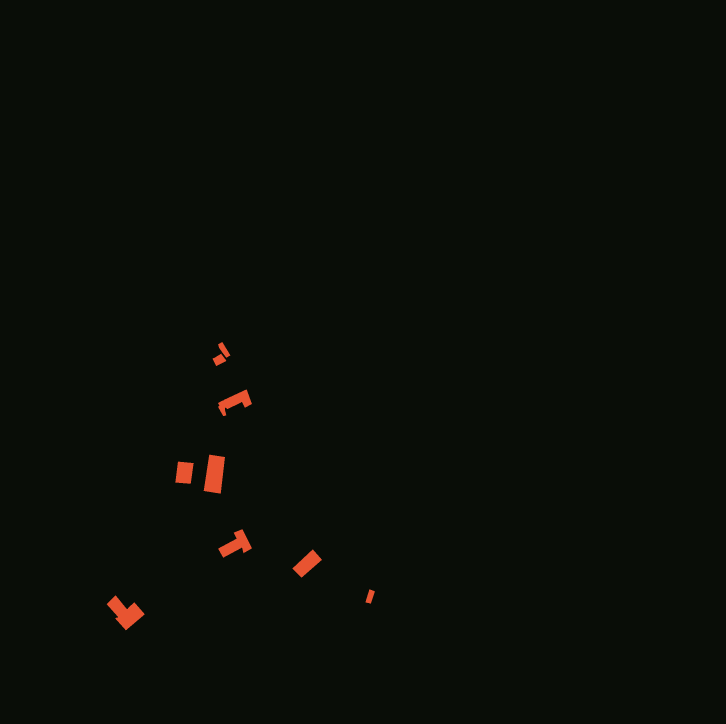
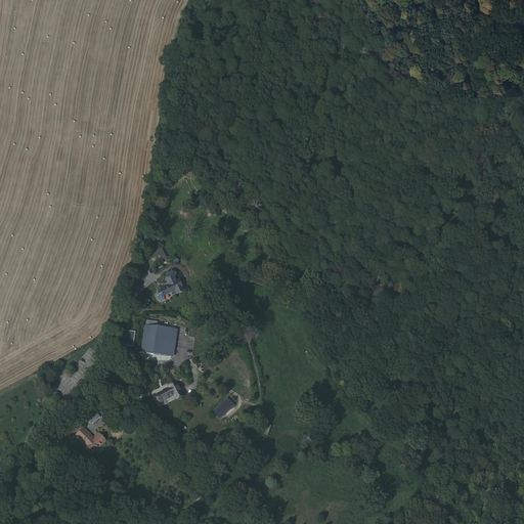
building: none -> [159,328,177,356]

